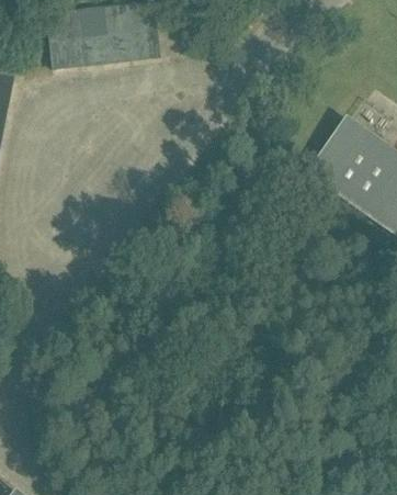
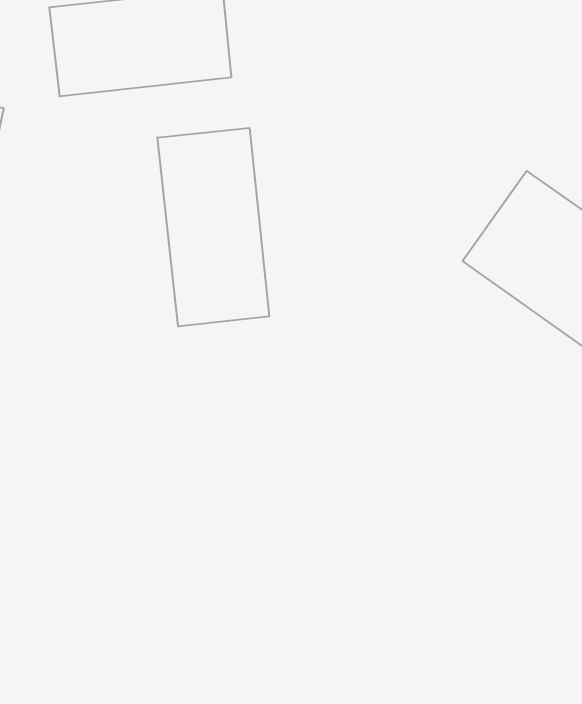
building: none -> [157,128,269,327]

